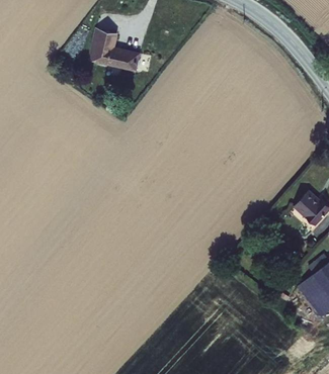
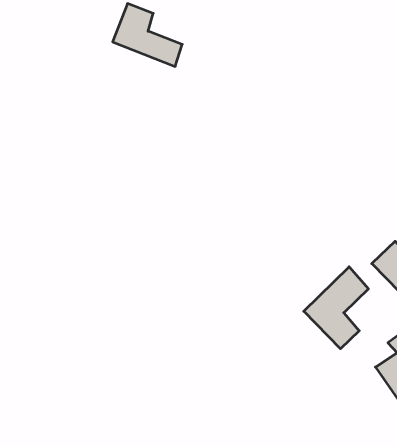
building: none -> [304,267,368,349]

